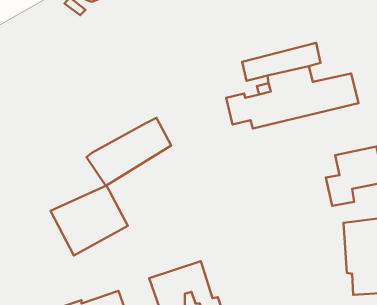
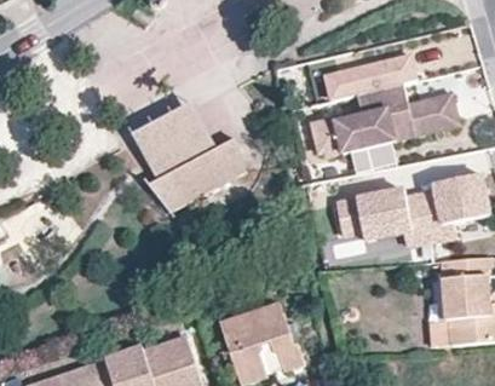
building: none -> [338,190,431,244]
building: [51,185,128,255] -> [129,102,218,182]

